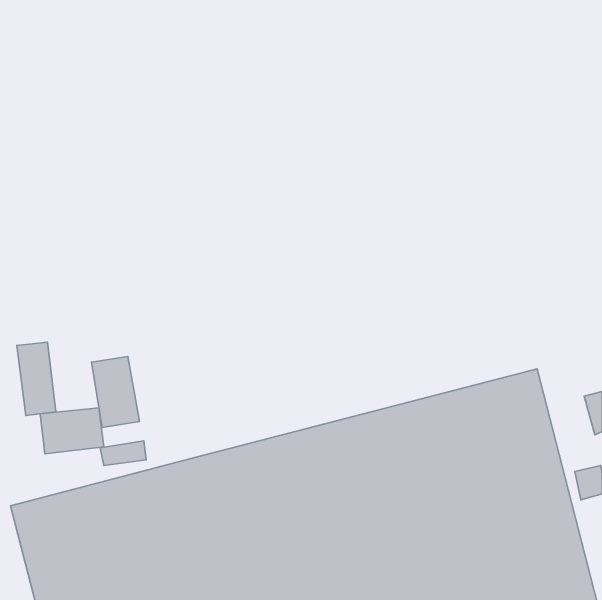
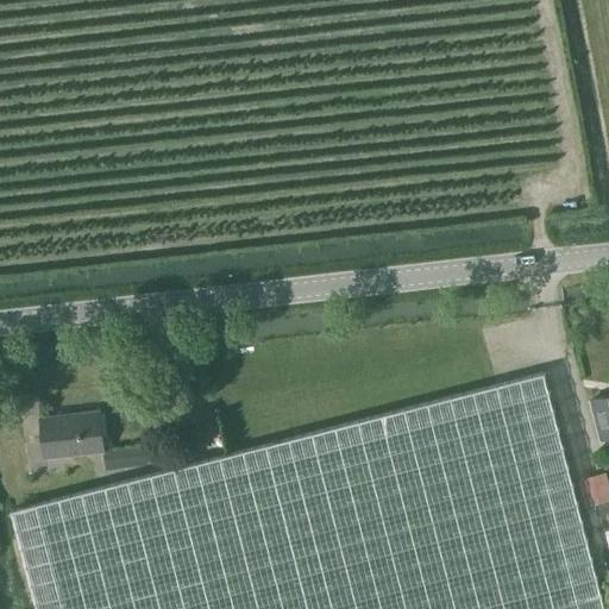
building: [17,342,56,415] -> none
building: [92,356,139,427] -> none

